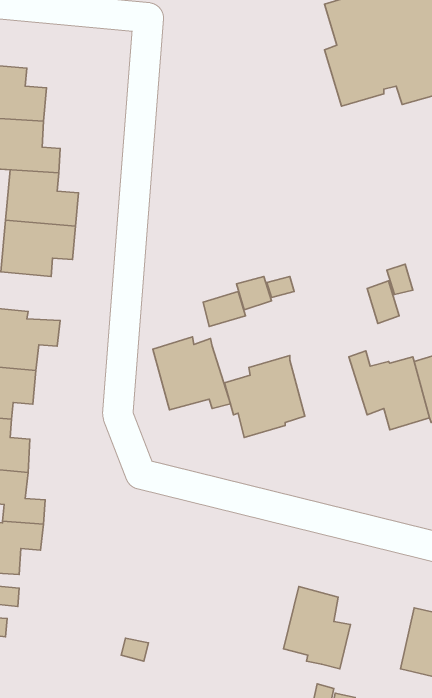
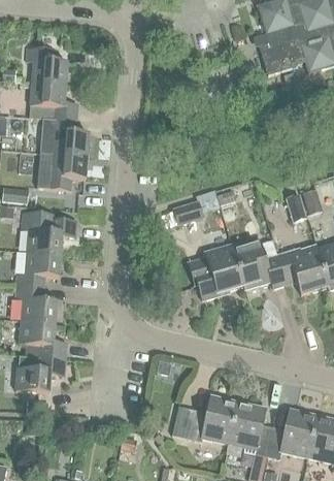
building: [153,337,230,410] -> [232,239,285,289]
building: none -> [171,395,238,444]
building: none -> [266,410,316,459]

